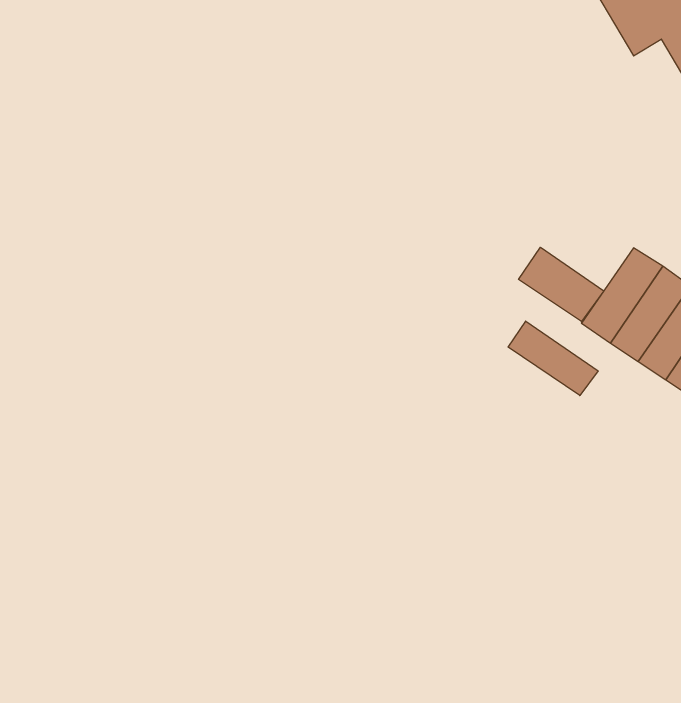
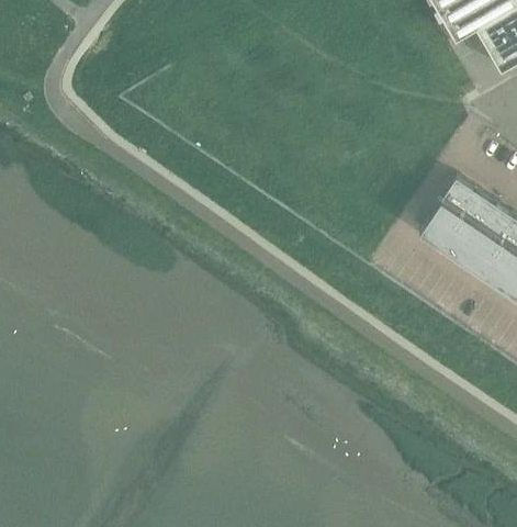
building: [519,247,604,322] -> none
building: [508,321,598,396] -> none

